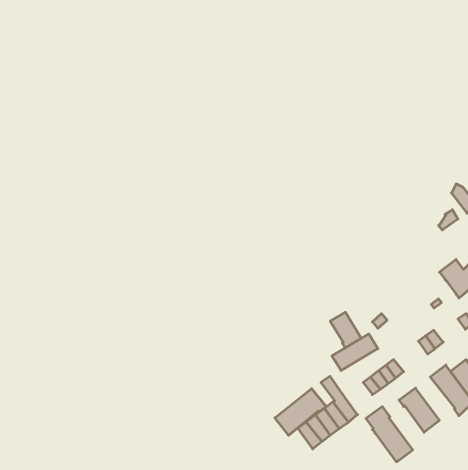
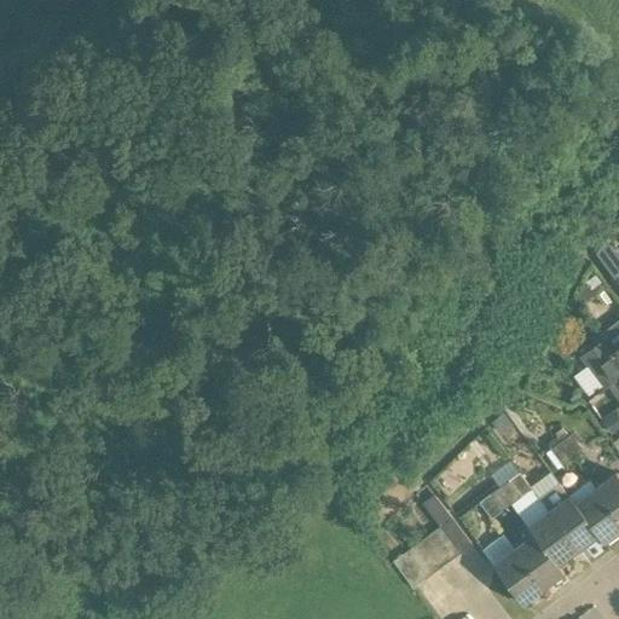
building: [330,312,361,348] -> none
building: none -> [540,484,601,553]
building: [275,389,326,435] -> none
building: none -> [514,533,567,591]

